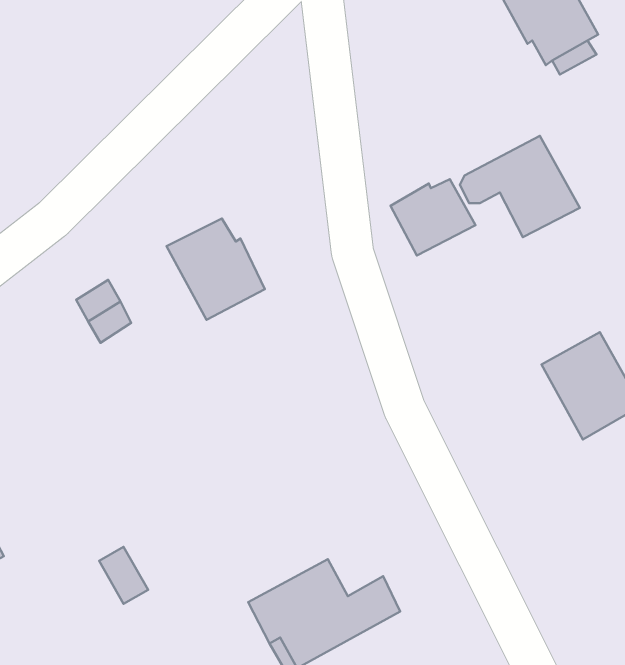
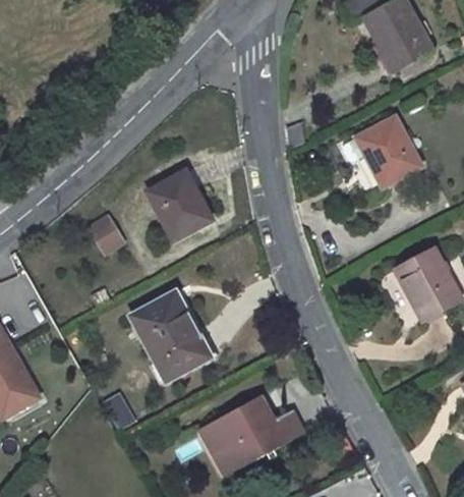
building: [390,179,476,255] -> none
building: none -> [131,291,211,380]

